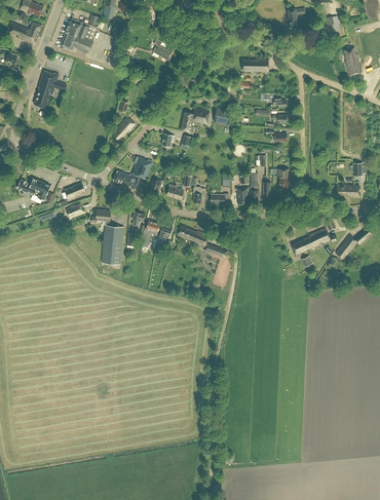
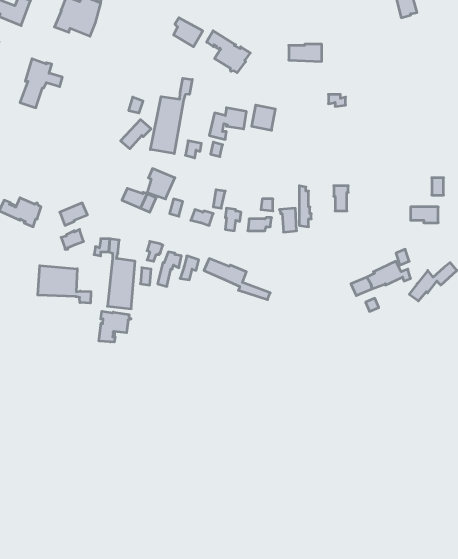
building: [343,46,364,75] -> none
building: none -> [207,31,250,73]
building: none -> [150,78,192,154]
building: none -> [38,266,91,303]
building: none -> [99,311,131,342]

